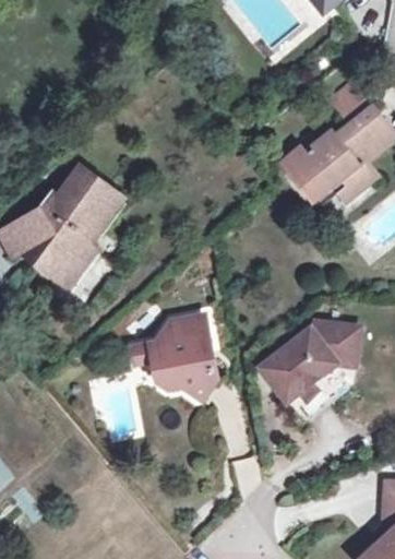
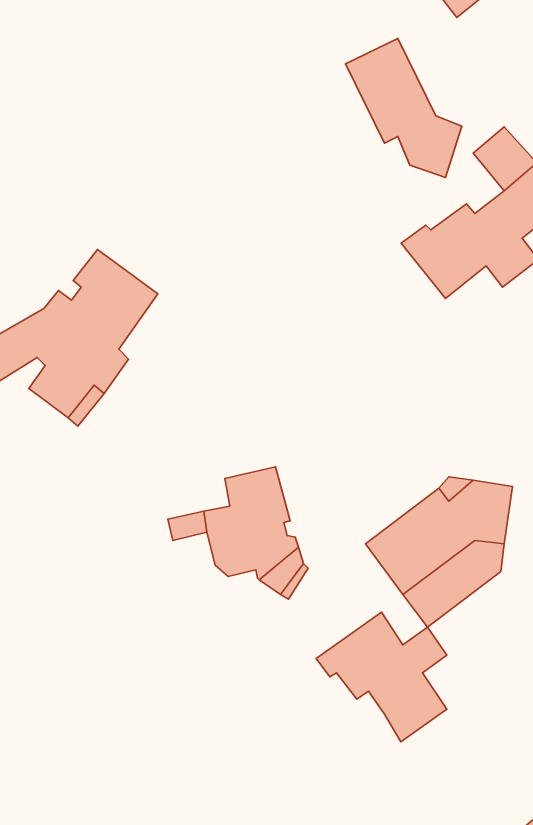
building: none -> [346,39,462,177]
building: none -> [316,612,447,742]

